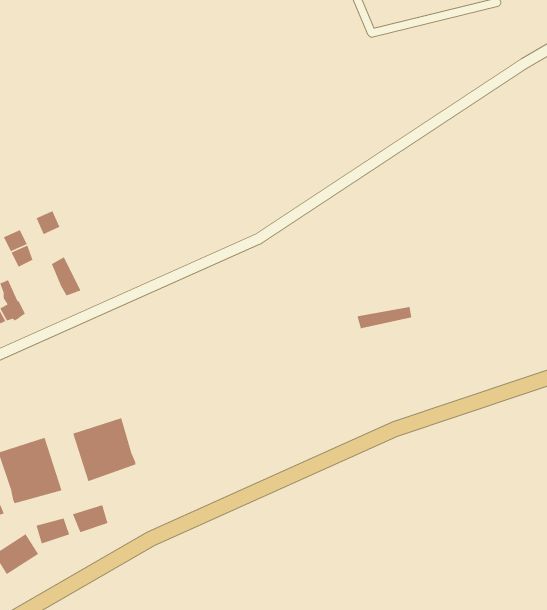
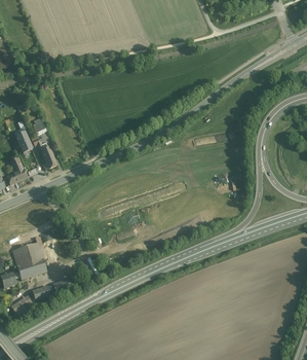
building: [72,417,137,482] -> none

